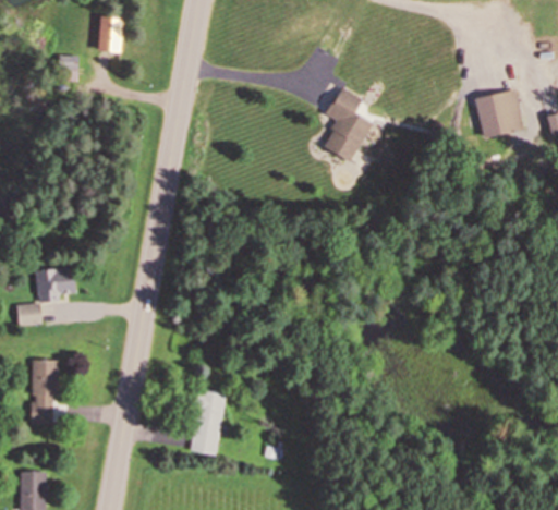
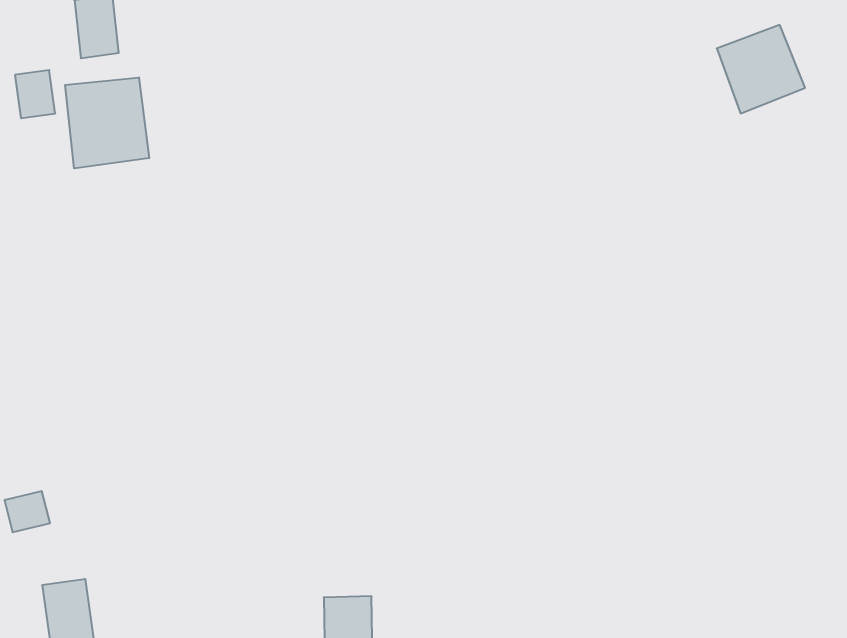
building: none -> [65,77,149,168]
building: [323,88,373,162] -> none
building: [36,267,75,303] -> none

